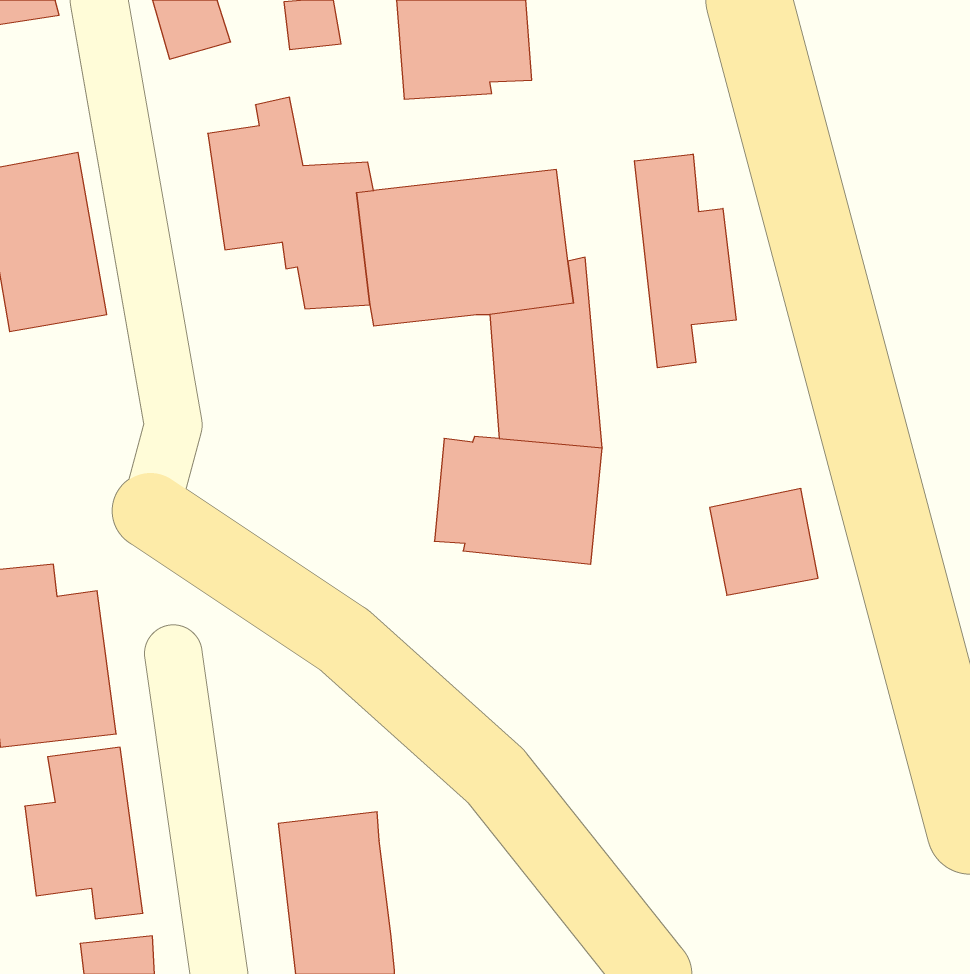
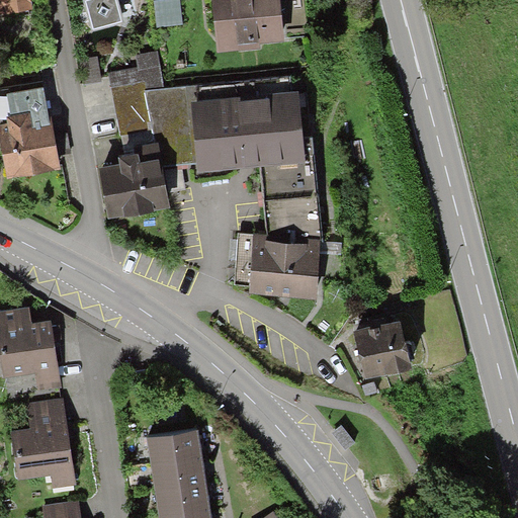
building: [635,154,736,368] -> none
building: none -> [97,142,169,220]
building: [710,489,818,595] -> [352,321,410,377]

